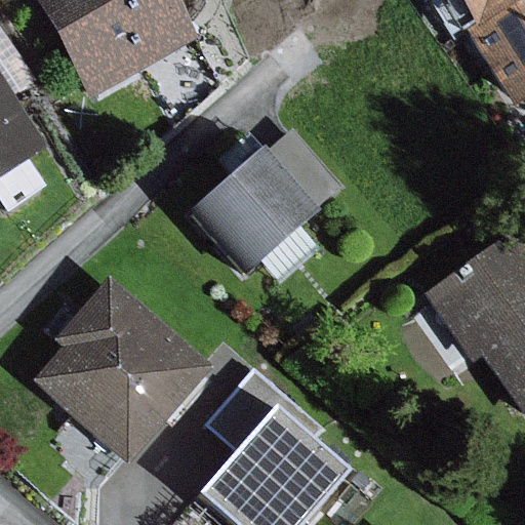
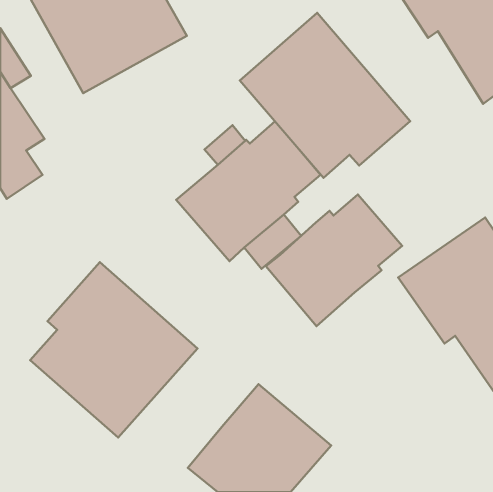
building: none -> [240,13,410,178]
building: none -> [266,194,402,326]
building: [205,366,324,451] -> none

